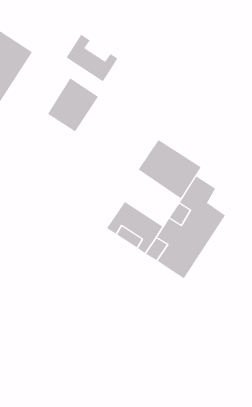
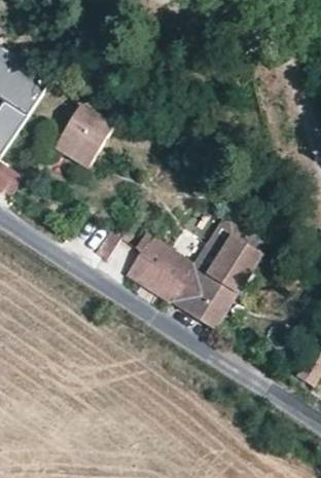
building: [66,34,118,82] -> none
building: [138,139,202,199] -> none

